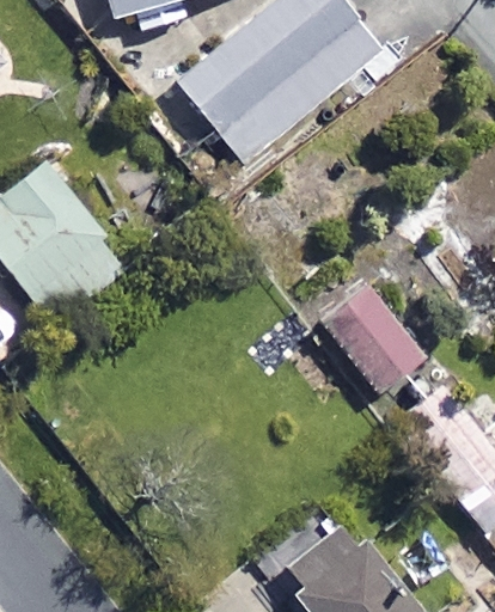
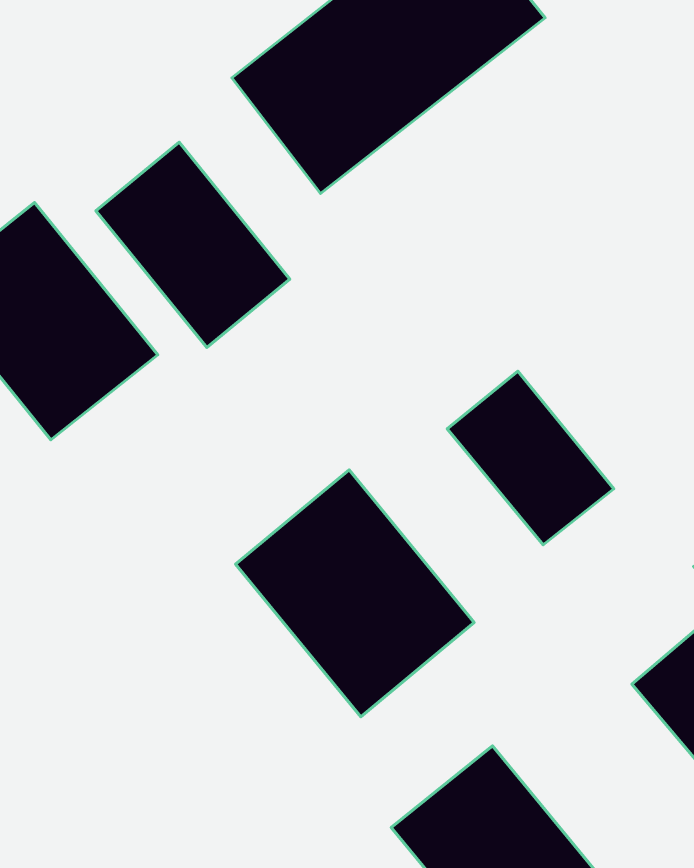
building: none -> [96,142,290,348]
building: none -> [236,470,474,717]

